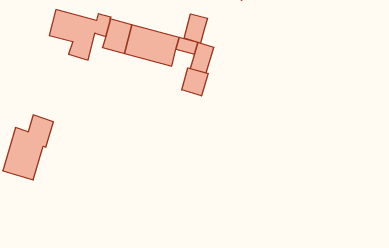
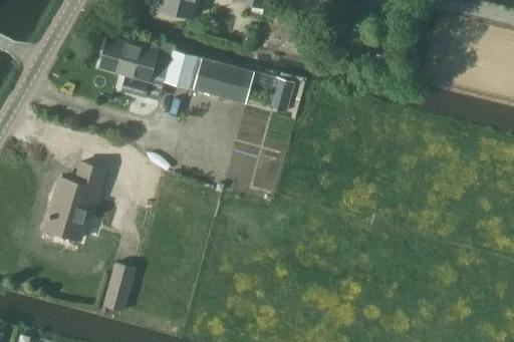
building: [184,14,207,43] -> none
building: [182,68,208,96] -> none
building: none -> [103,264,134,311]

